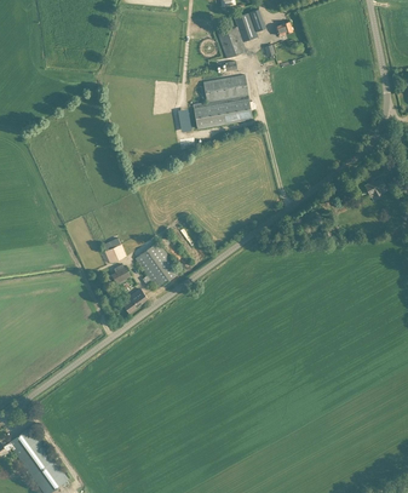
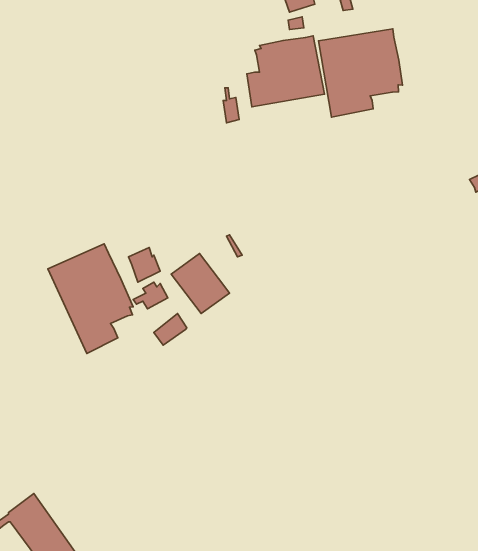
building: none -> [318,29,402,117]
building: none -> [48,244,133,354]

